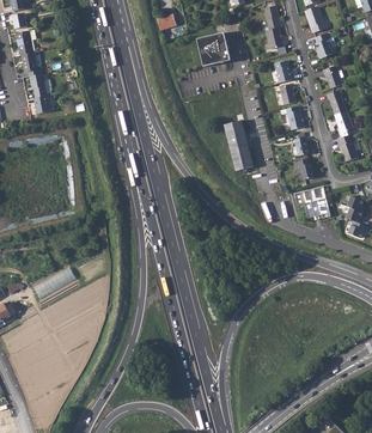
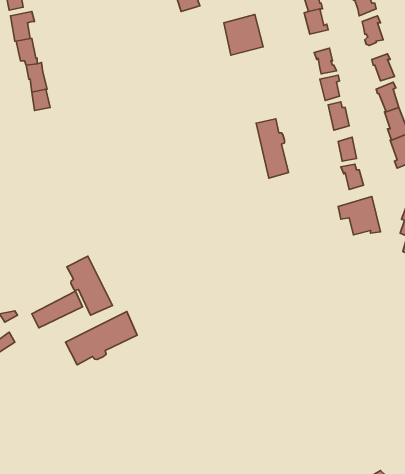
building: none -> [67,256,112,315]
building: none -> [66,312,137,365]

